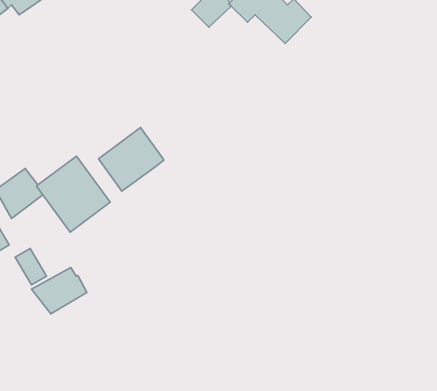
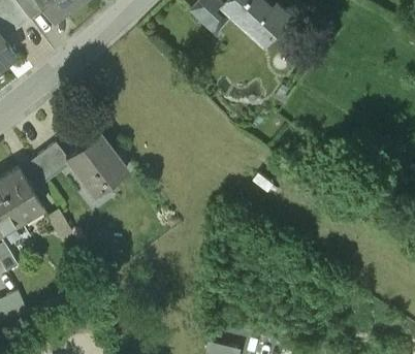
building: [98,128,164,191] -> none
building: [32,267,87,314] -> none

